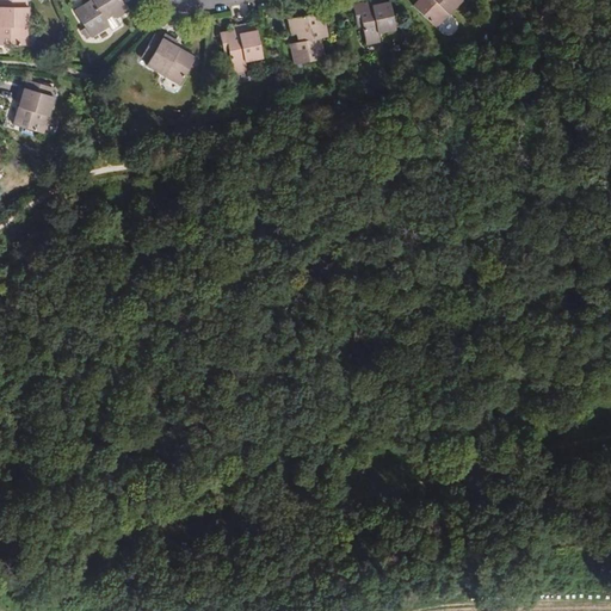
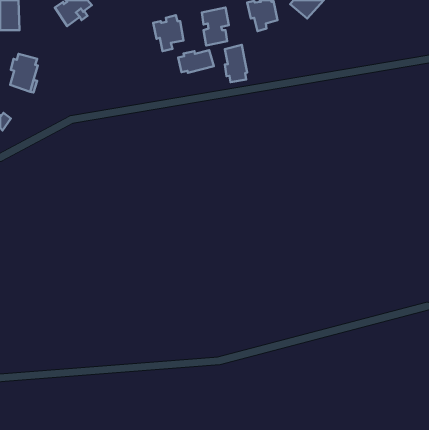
building: [141,32,196,82] -> none
building: none -> [225,45,247,82]
building: none -> [178,50,214,73]

